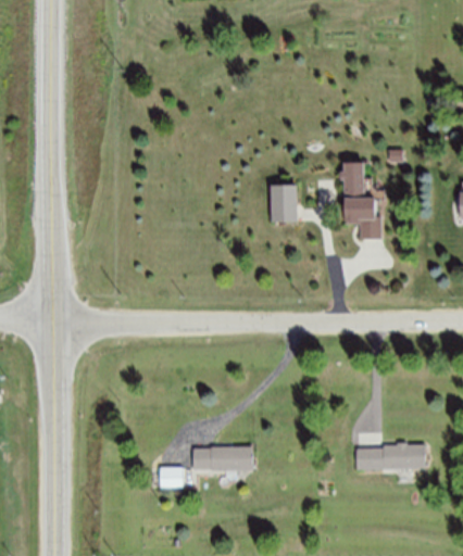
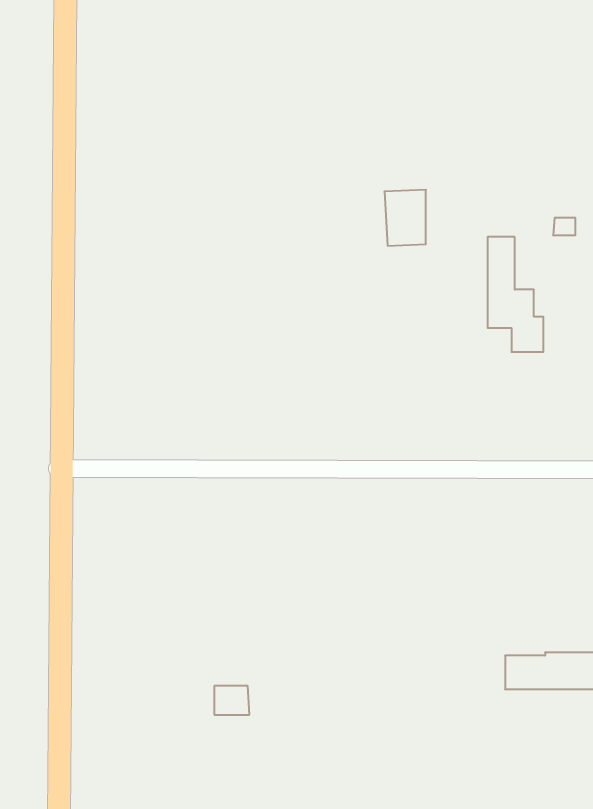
building: [268,185,297,223] -> [384,190,426,246]
building: [192,445,254,470] -> none

